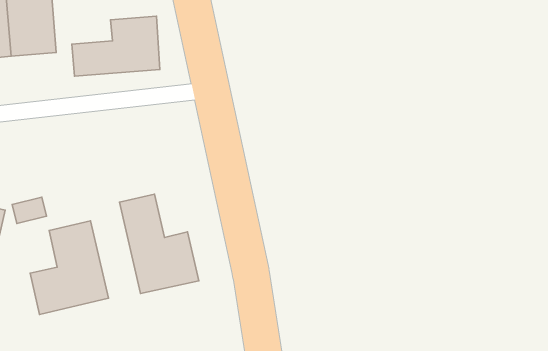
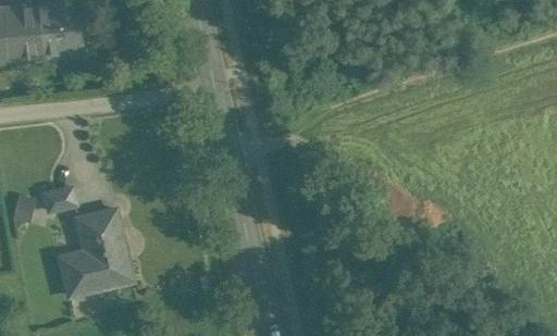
building: [72,16,160,76] -> none
building: [119,194,199,294] -> none

